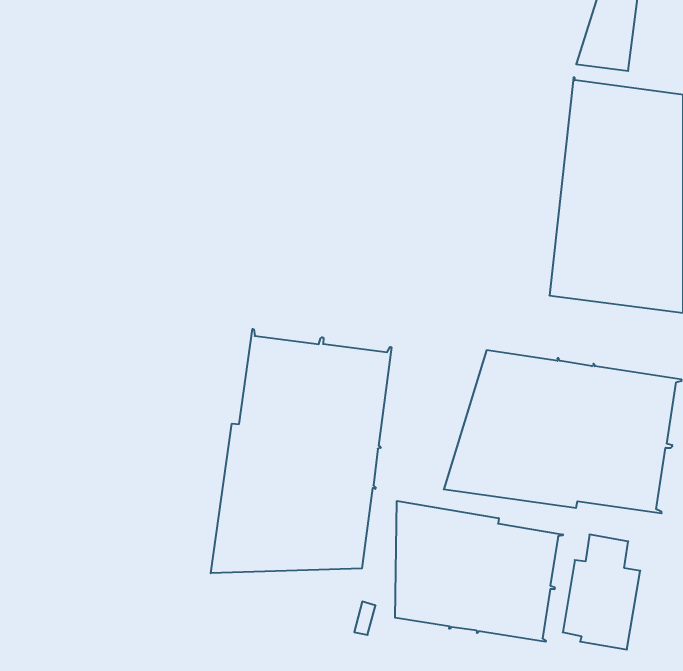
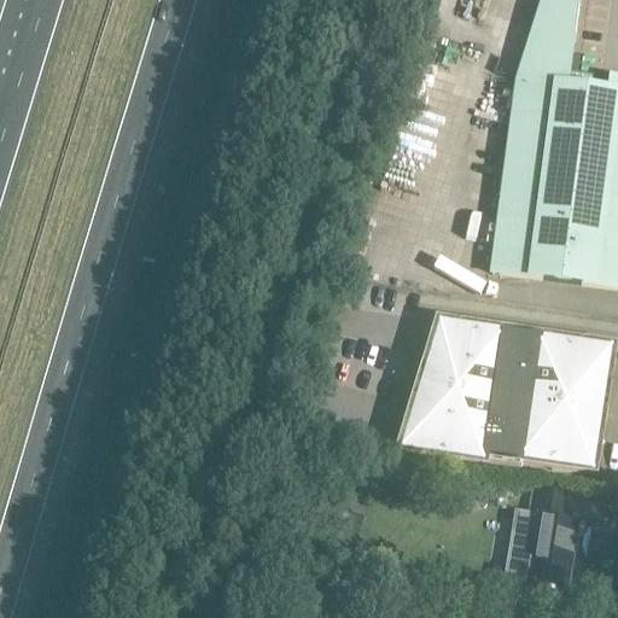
building: [211,329,391,573] -> none
building: [395,501,563,642] -> none

